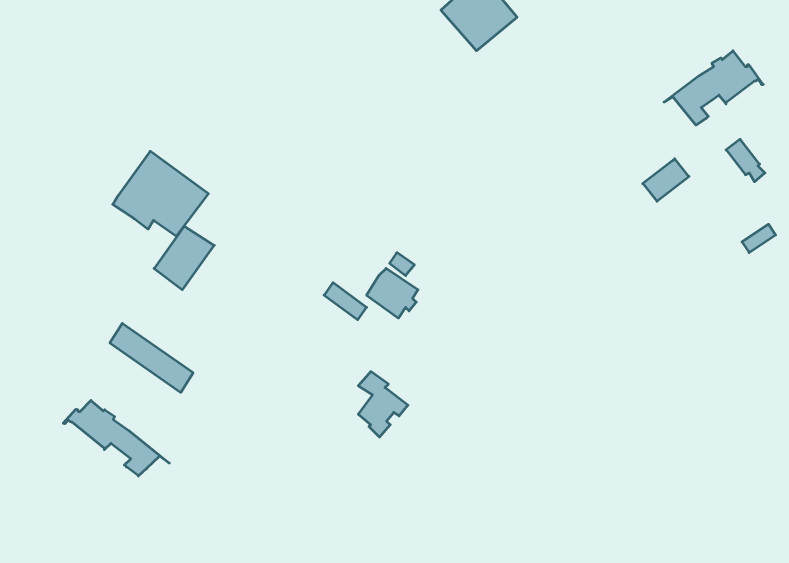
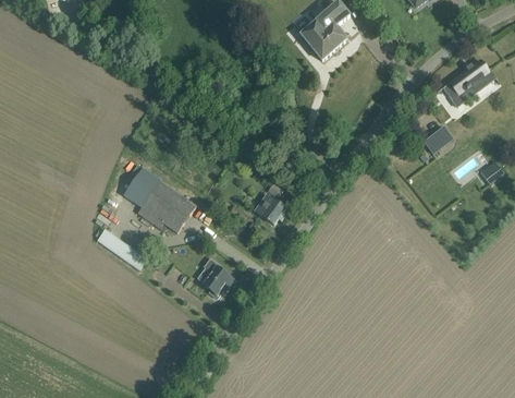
building: [113,151,208,236] -> [137,180,196,232]
building: [358,372,408,437] -> [203,258,233,299]
building: [63,400,169,476] -> none

